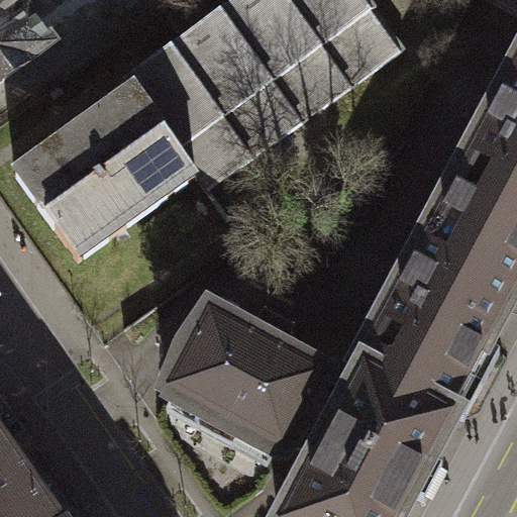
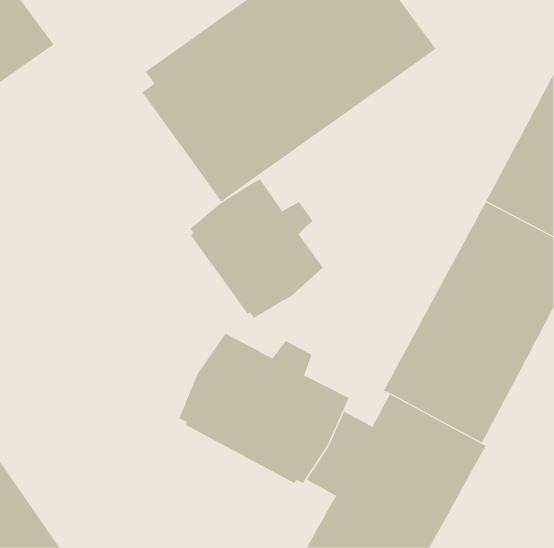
building: [13,86,195,258] -> none
building: none -> [190,178,323,319]

